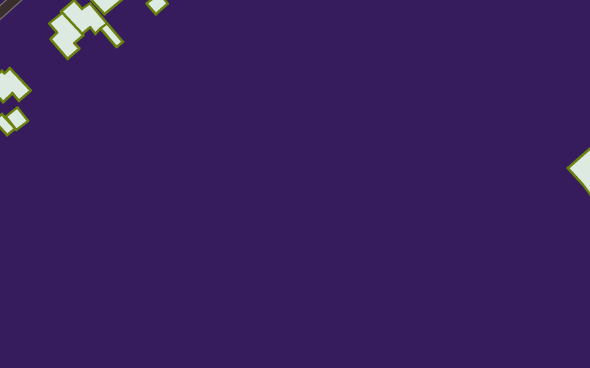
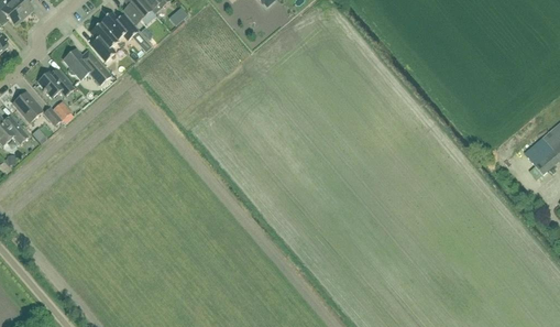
building: none -> [64,48,111,84]

